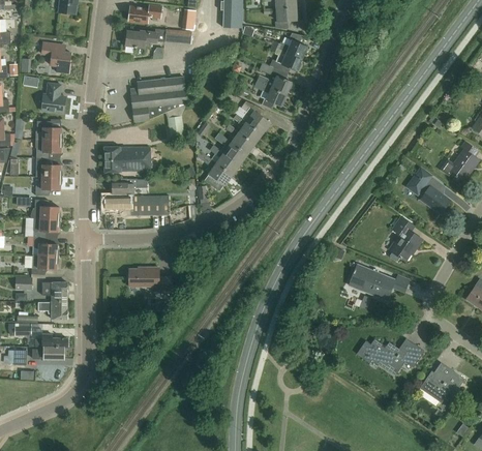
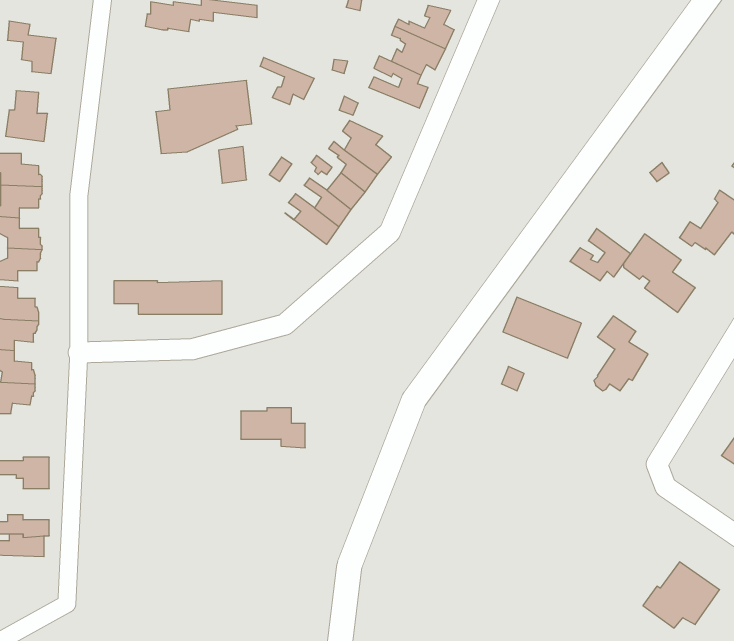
building: [254,81,287,109] -> [260,57,314,105]
building: [103,146,150,172] -> none
building: [198,149,232,186] -> none
building: none -> [570,228,631,281]
building: [112,178,146,193] -> none
building: [349,264,395,300] -> [503,297,581,358]
building: [129,267,168,291] -> [241,408,305,448]
building: [42,281,67,300] -> none
building: [356,338,424,374] -> none

